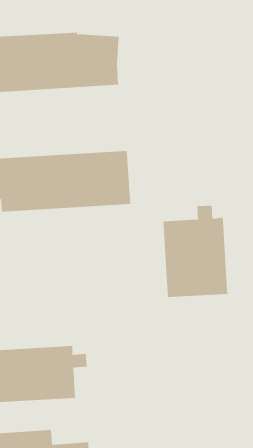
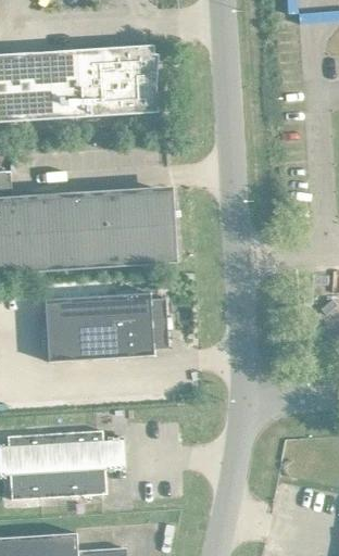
building: [163,205,228,298] -> none
building: none -> [46,292,171,362]

